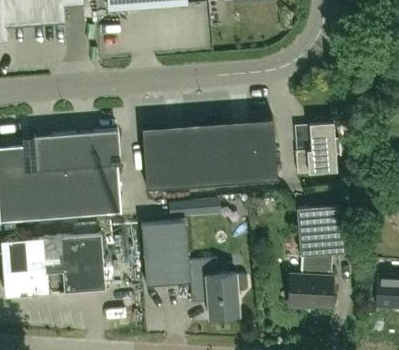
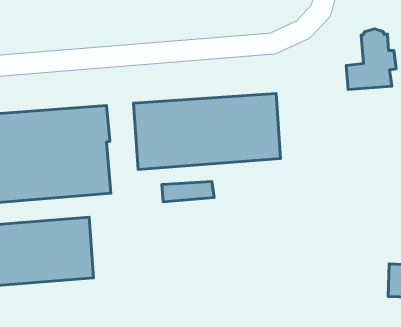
building: [295,118,341,174] -> [346,29,396,90]
building: [288,205,346,308] -> none
building: [141,221,247,318] -> none

